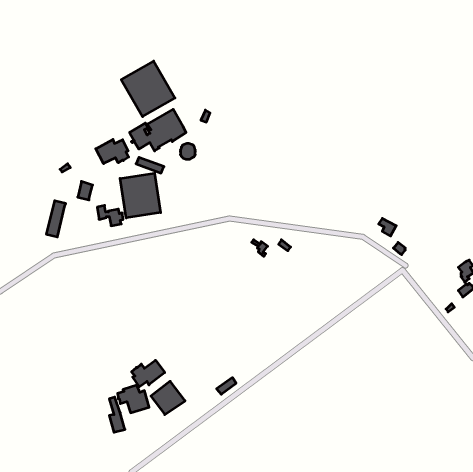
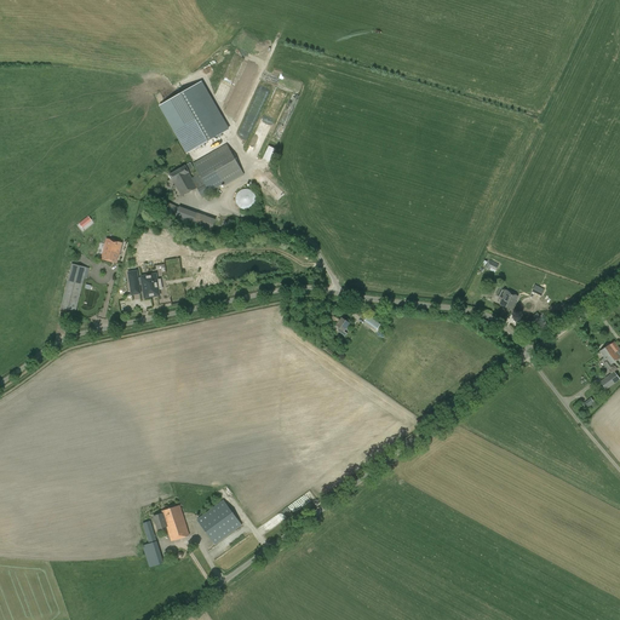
building: [96,139,129,164] -> none
building: [120,173,161,218] -> none
building: [132,360,165,387] -> none

